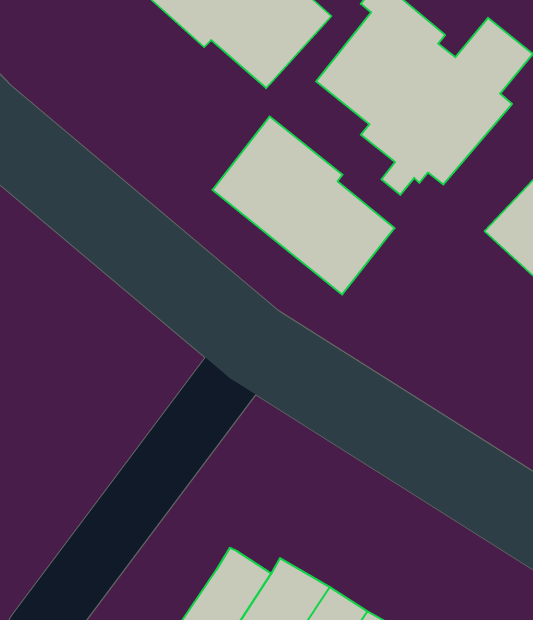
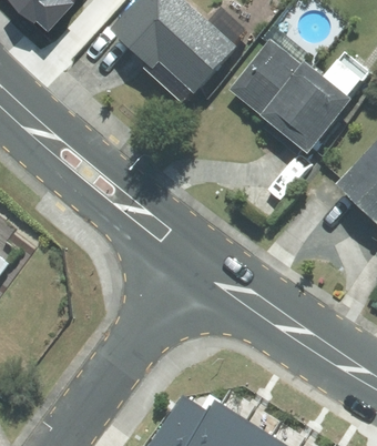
building: [212,116,395,295] -> none

